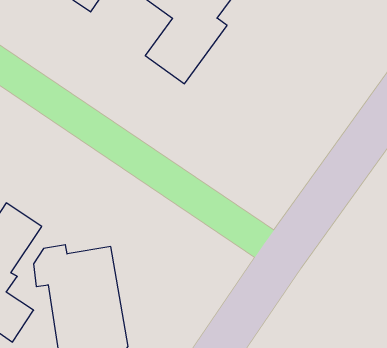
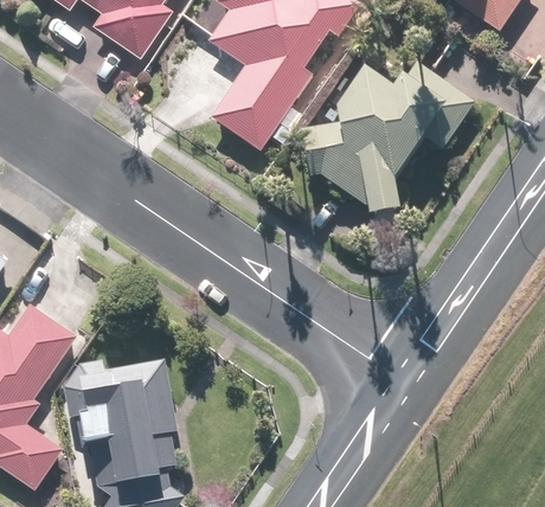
building: none -> [308,63,470,211]

